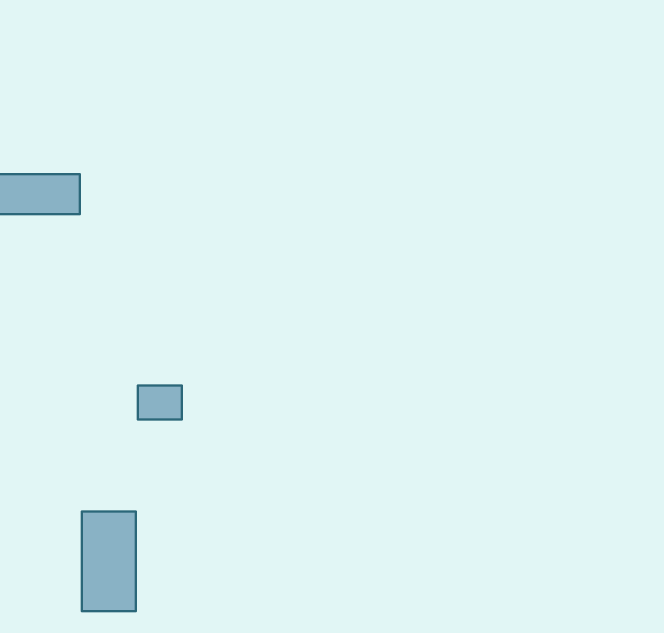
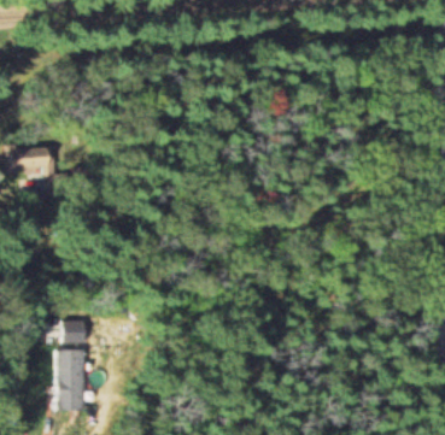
building: [138,385,182,419] -> [58,322,84,342]

